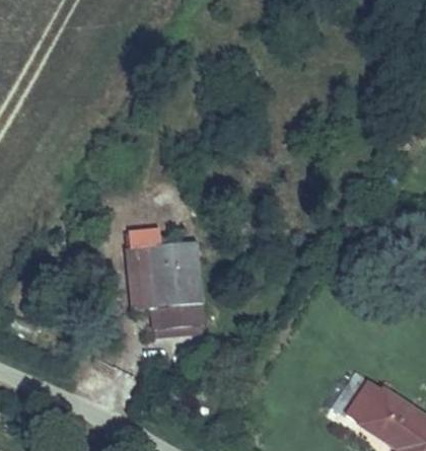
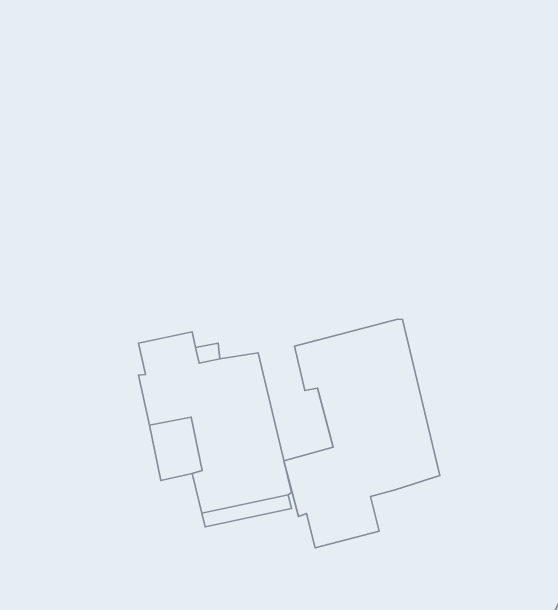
building: none -> [284,319,440,548]

